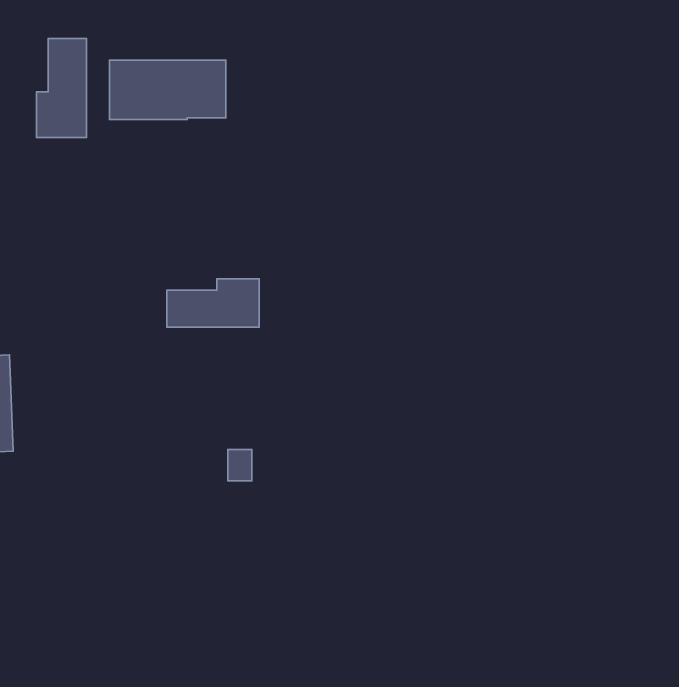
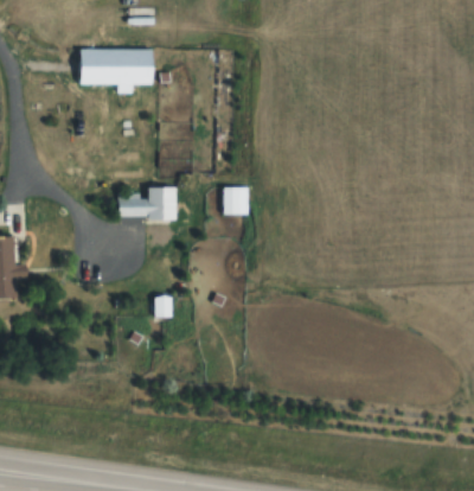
building: [37,38,87,138] -> none
building: none -> [224,187,248,216]

